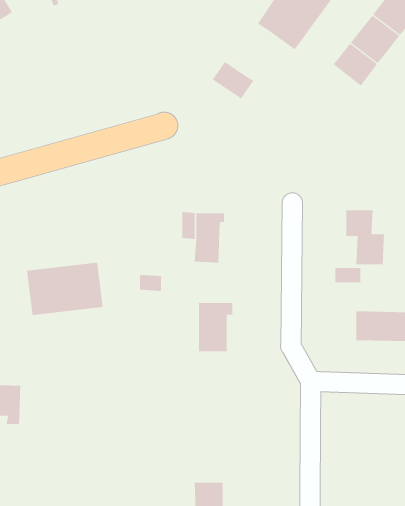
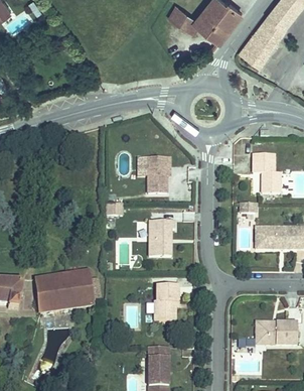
building: [212,61,254,99] -> [168,9,198,36]
building: [26,262,103,316] -> [37,272,93,310]
building: none -> [151,283,179,319]
building: none -> [252,318,294,343]

